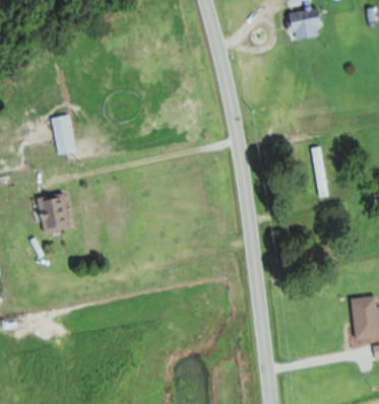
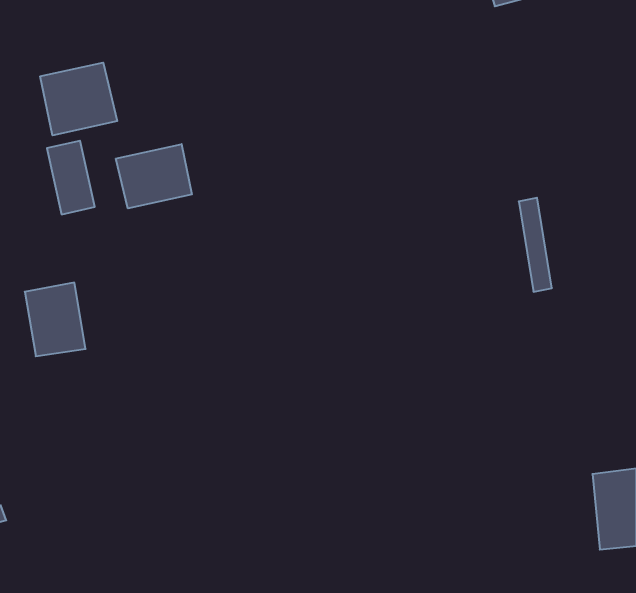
building: none -> [40,63,117,135]
building: none -> [116,144,192,208]

